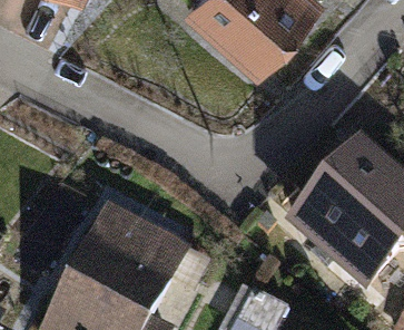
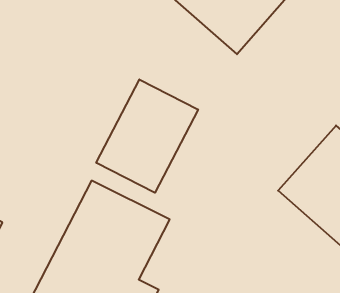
building: none -> [96,79,198,193]

